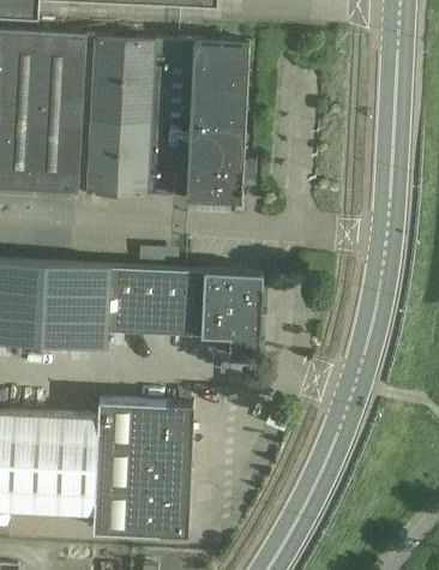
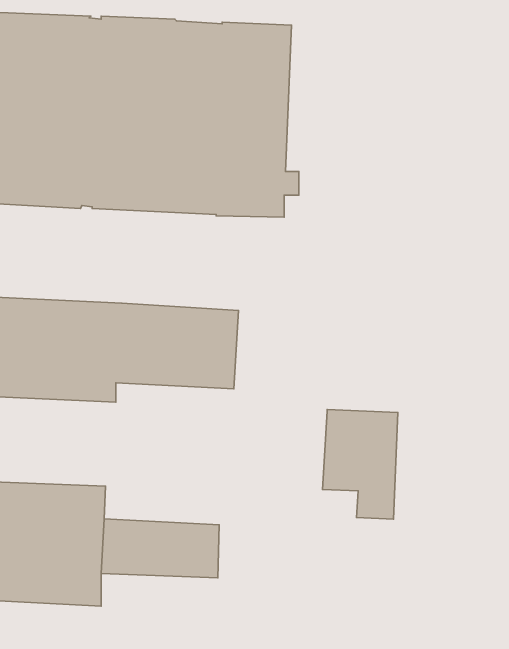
building: [202,275,263,364] -> [323,410,398,519]
building: [96,402,192,450] -> none
building: [92,490,188,536] -> none

